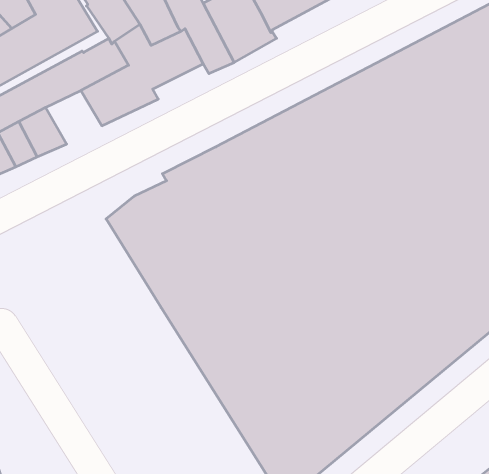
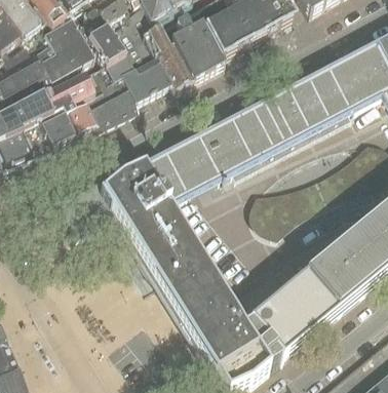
building: none -> [56,100,98,139]

